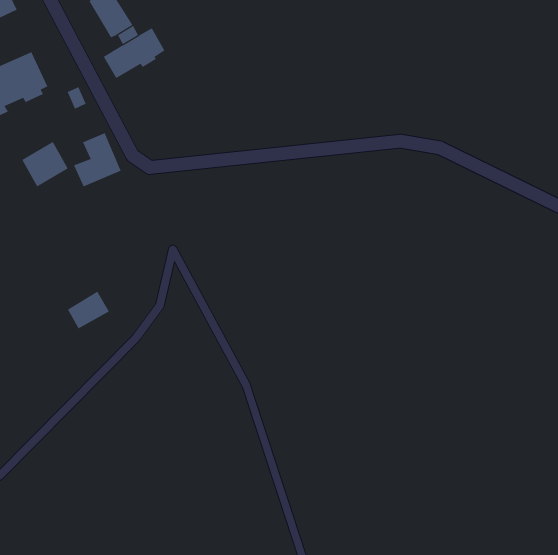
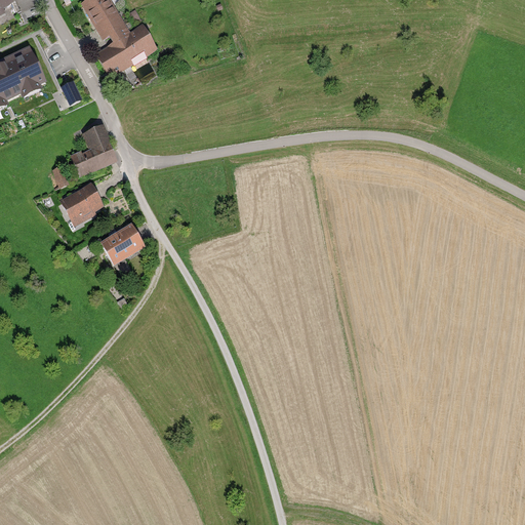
building: [21,141,68,187] -> [57,181,102,225]
building: [67,291,110,329] -> [103,226,143,261]

